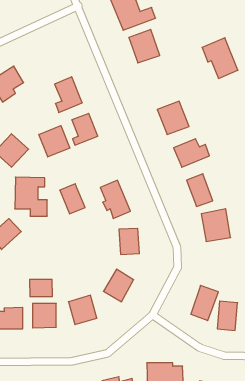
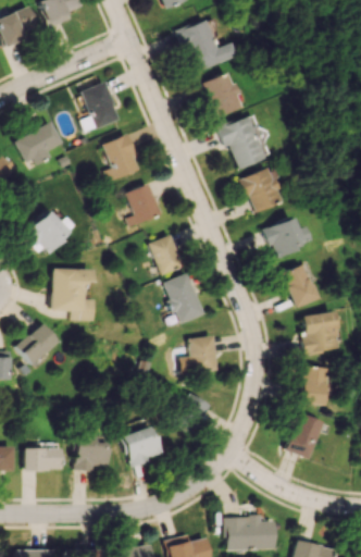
building: none -> [82,82,121,129]
building: [202,38,238,78] -> [219,115,266,170]
building: [39,126,70,157] -> none
building: [60,184,85,214] -> [150,235,184,275]
building: [30,279,52,297] -> none
building: [217,301,238,330] -> [300,367,327,406]

